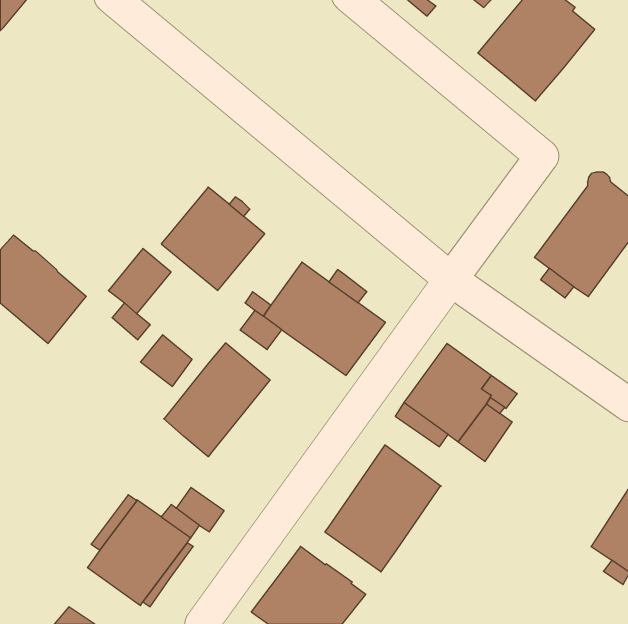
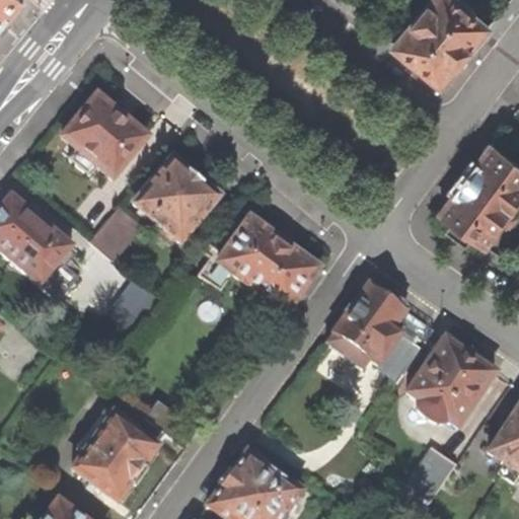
building: none -> [62,93,147,175]
building: [164,343,270,457] -> none
building: none -> [407,338,495,426]
building: [325,445,441,572] -> none
building: none -> [406,447,457,502]

